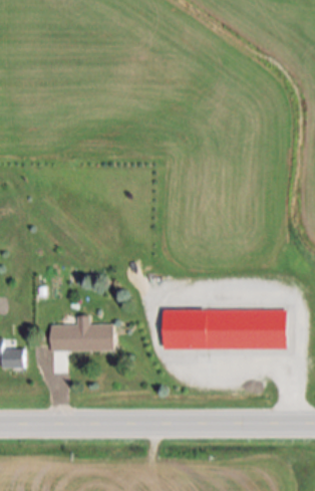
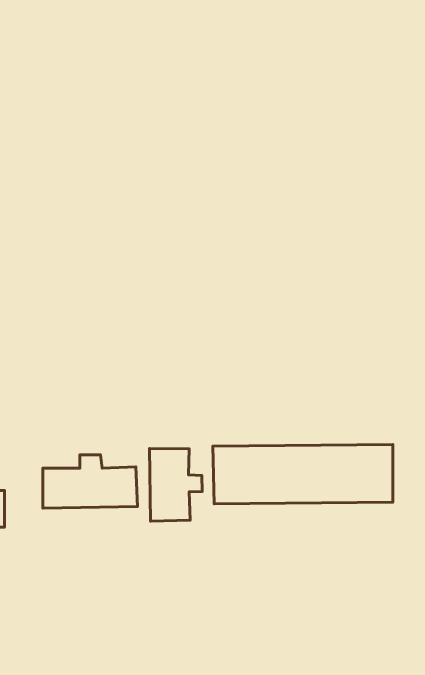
building: none -> [149,449,202,521]

